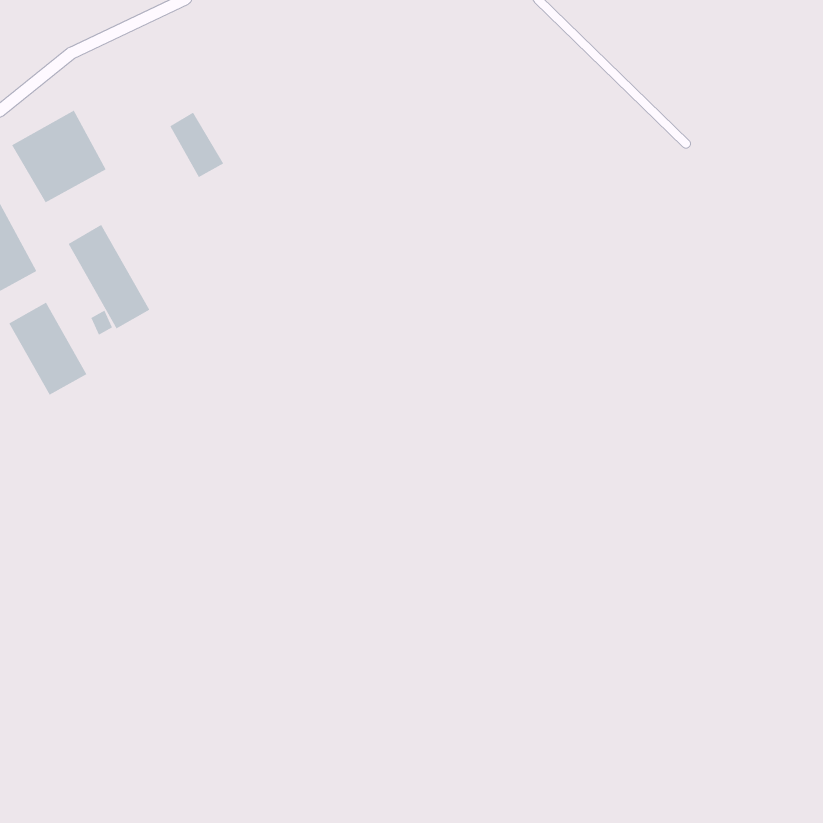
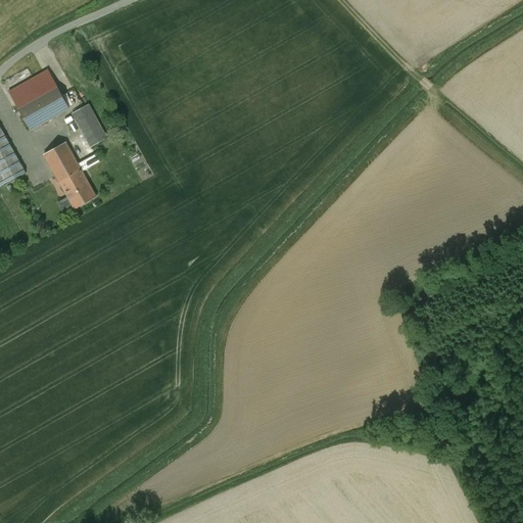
building: [169,112,224,178] -> [72,104,106,146]
building: [9,302,87,396] -> none

